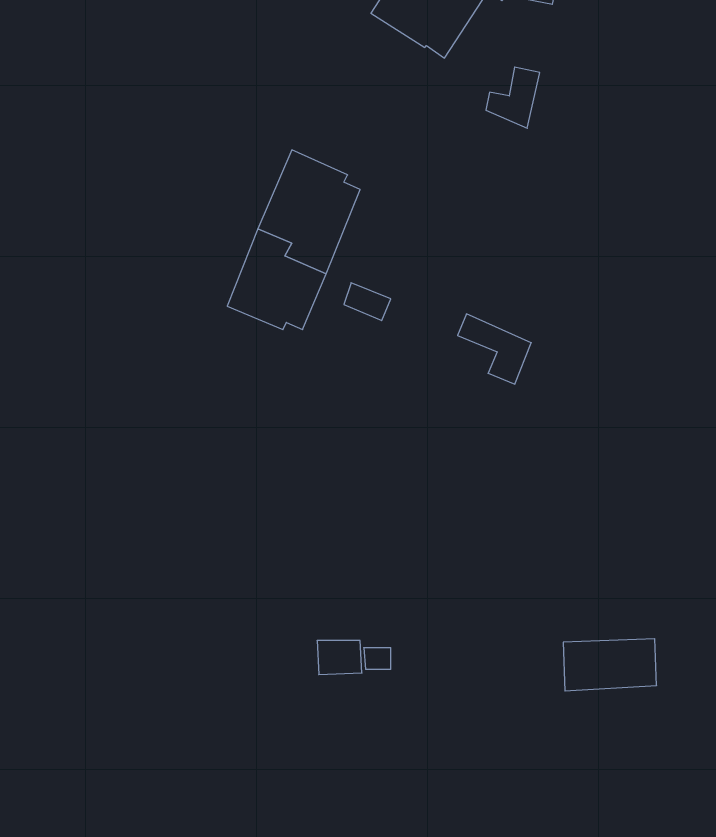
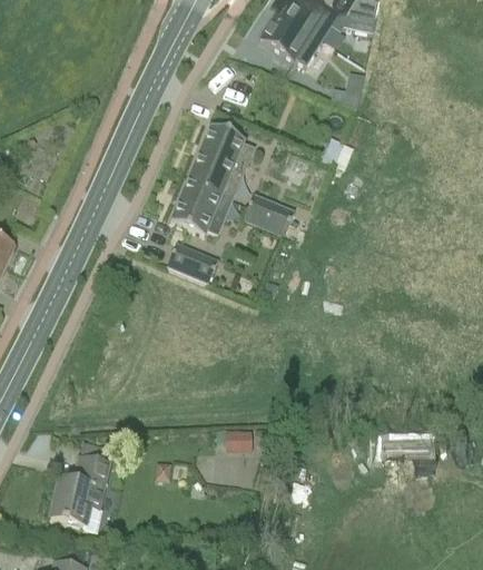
building: [458,314,531,384] -> [247,191,293,235]
building: none -> [165,240,217,281]
building: none -> [50,458,108,531]

